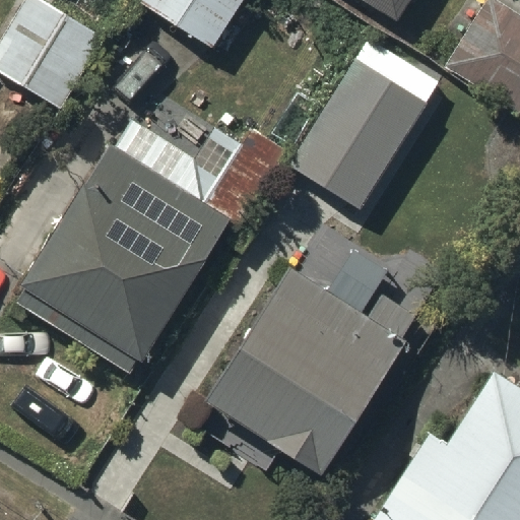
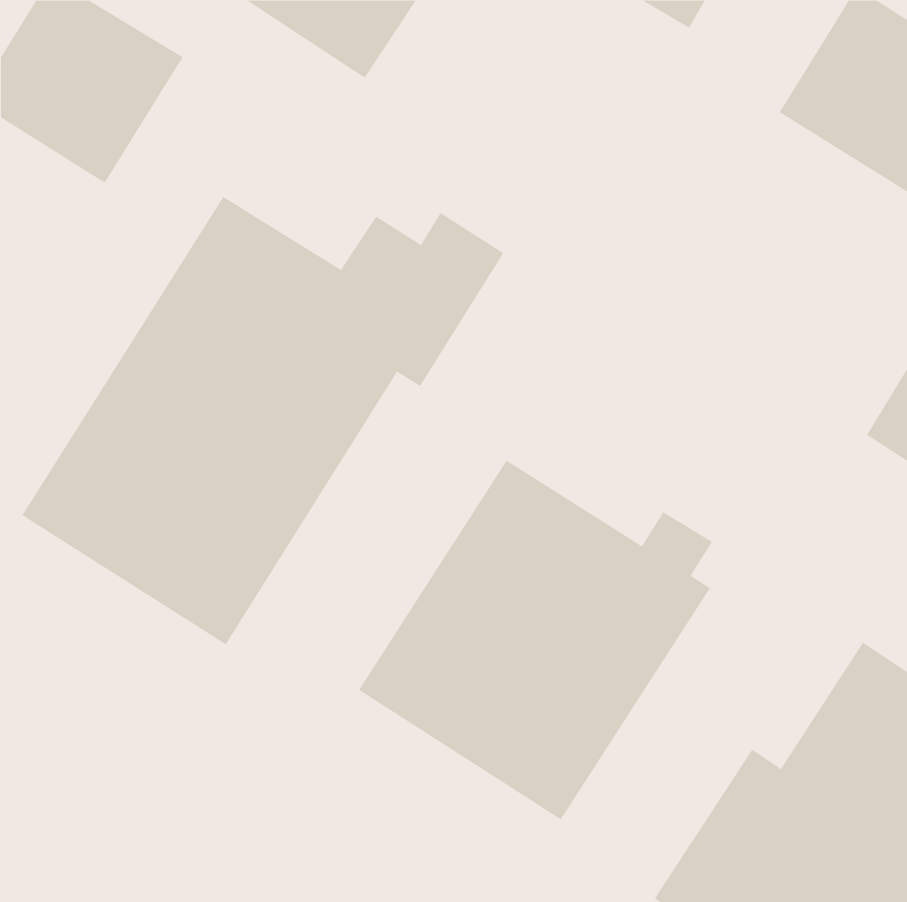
building: [291,38,441,207] -> none

